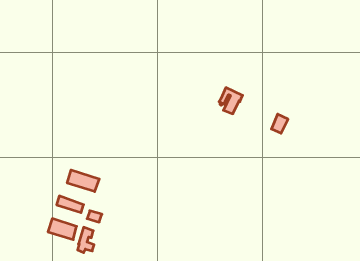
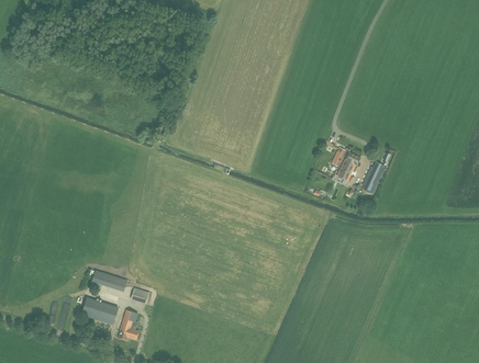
building: [219,88,243,114] -> [330,147,359,180]
building: [67,170,99,192] -> none

